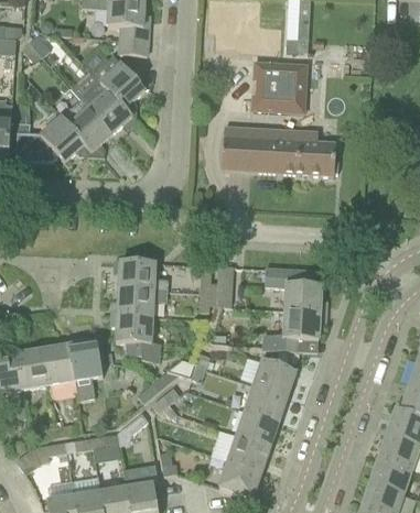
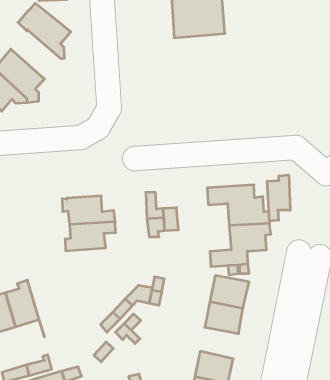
building: [82,81,136,134] -> none
building: [222,127,336,176] -> none
building: none -> [267,175,290,221]
building: [111,314,160,361] -> none
building: [68,338,103,400] -> none
building: [237,411,279,447] -> none

